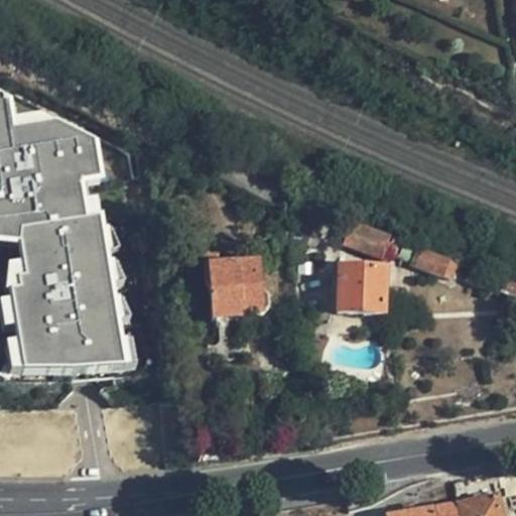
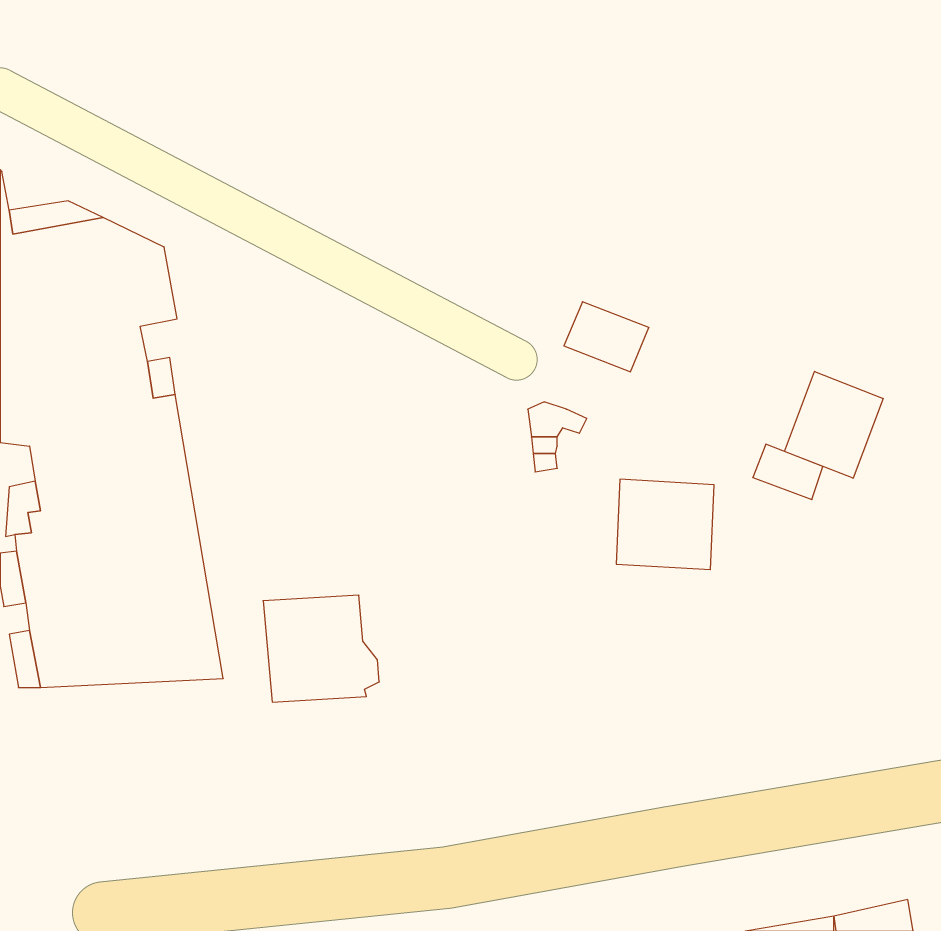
building: none -> [785,371,883,478]
building: [345,217,391,255] -> [564,302,649,372]
building: [209,258,272,316] -> [263,595,379,702]

